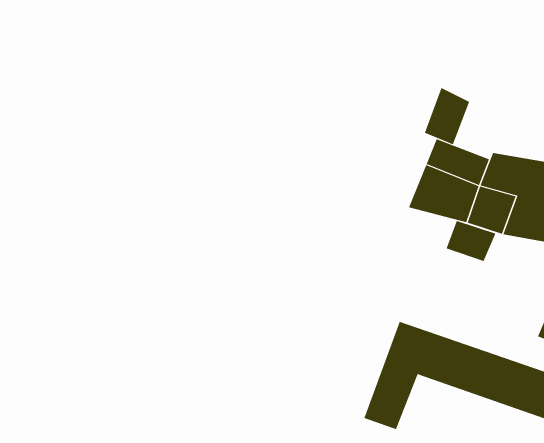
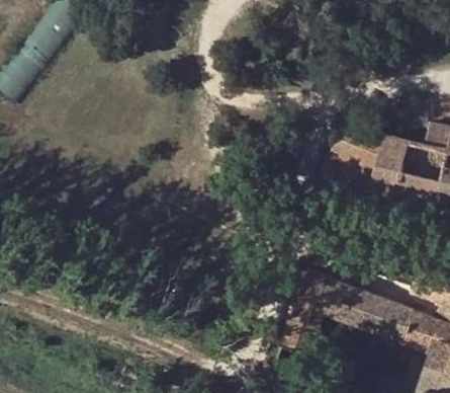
building: [424,87,470,145] -> none
building: [446,220,496,262] -> none

